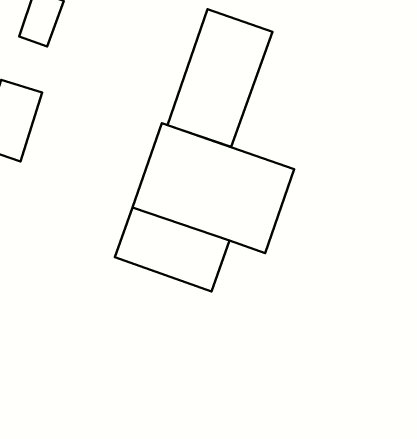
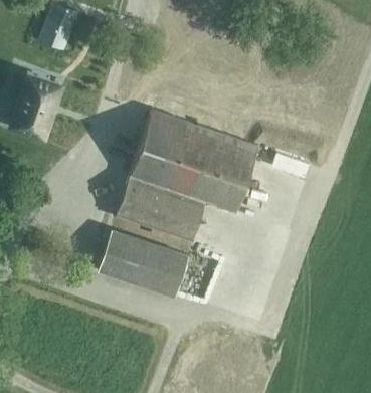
building: [168,9,272,147] -> none
building: none -> [98,230,188,297]

